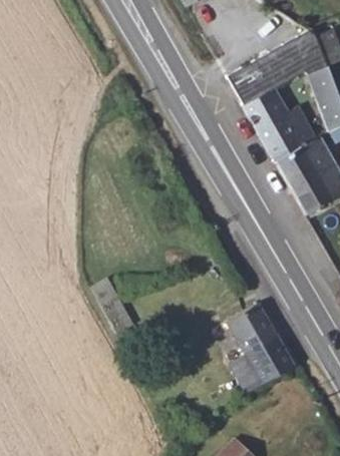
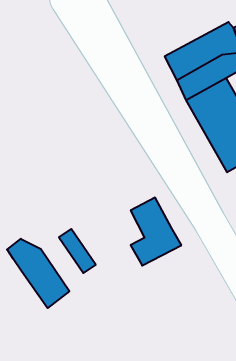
building: none -> [7,239,69,308]
building: [229,315,291,398] -> [131,198,181,266]

